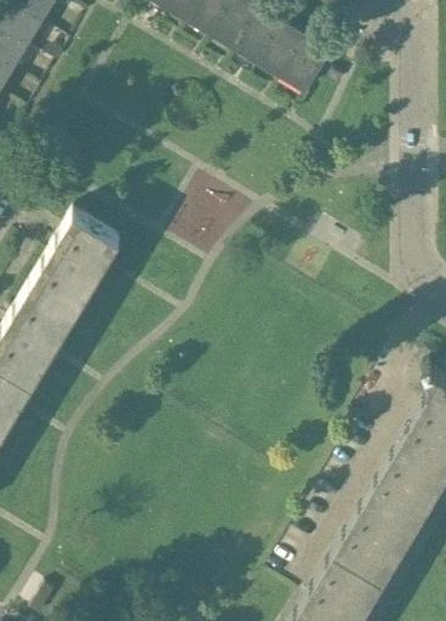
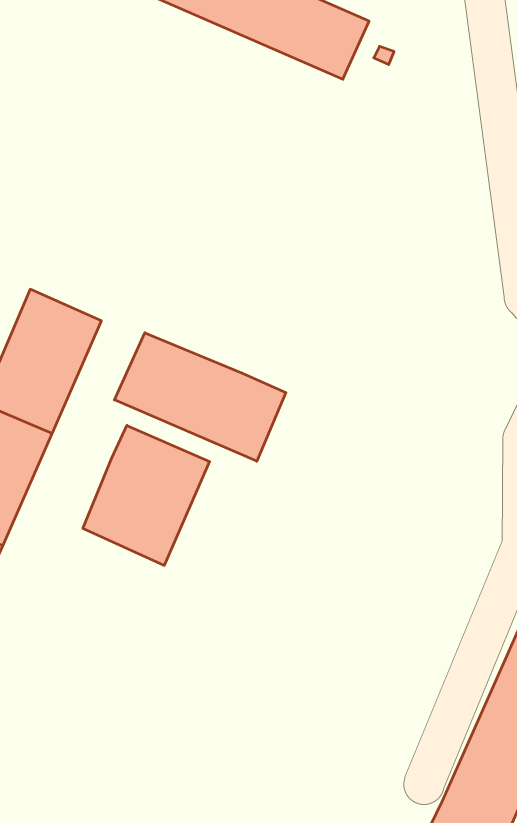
building: none -> [114,333,286,461]
building: none -> [83,425,210,565]

